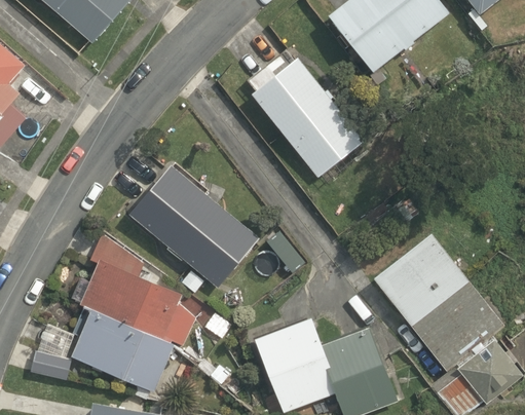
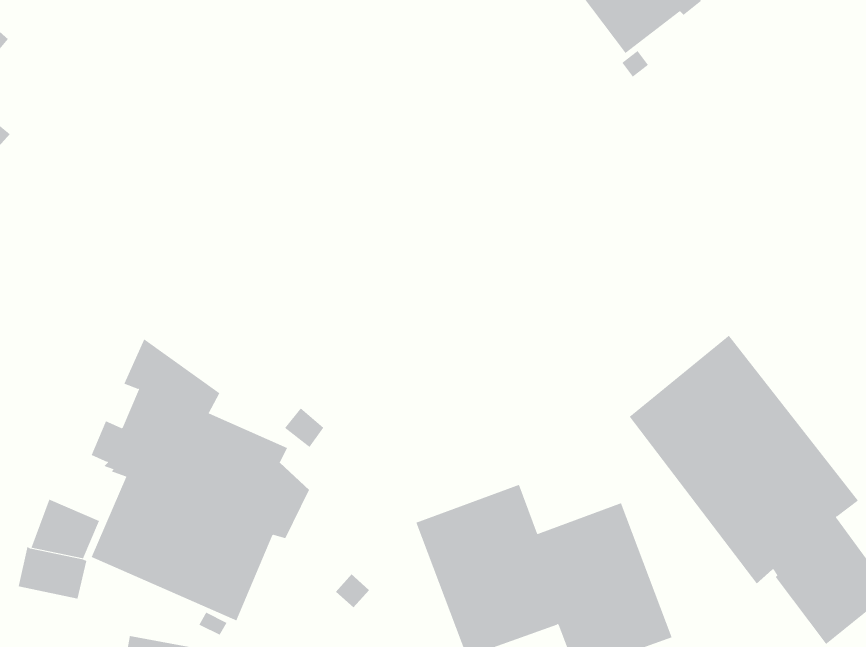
building: [249,55,364,179] -> none
building: [129,162,260,289] -> none

